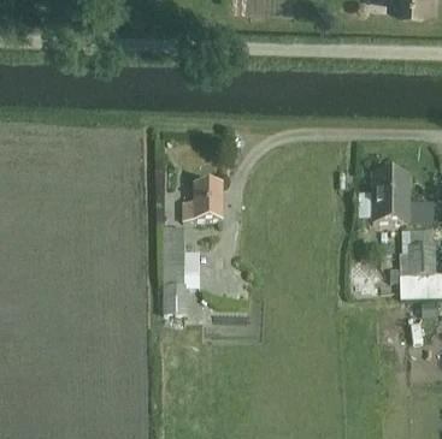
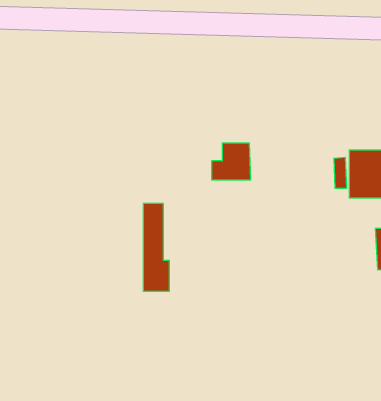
building: [183,182,223,219] -> [212,143,251,180]

